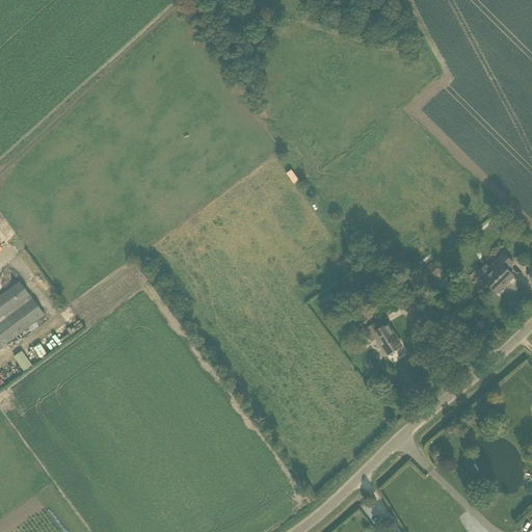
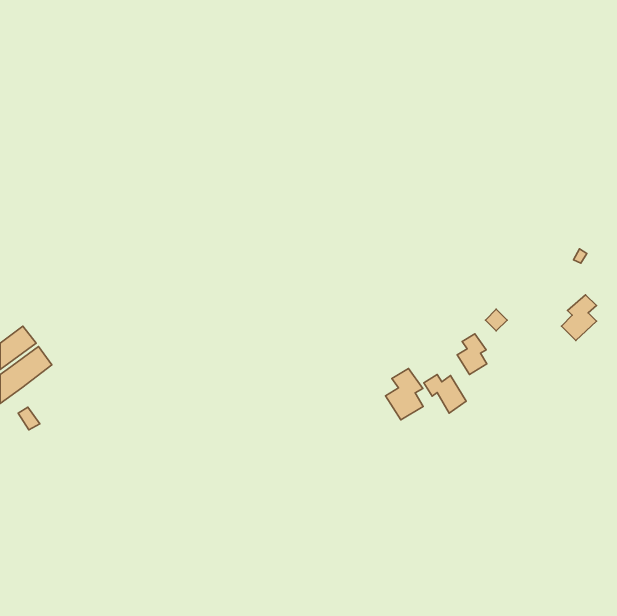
building: none -> [457,334,487,374]
building: none -> [385,369,423,420]

